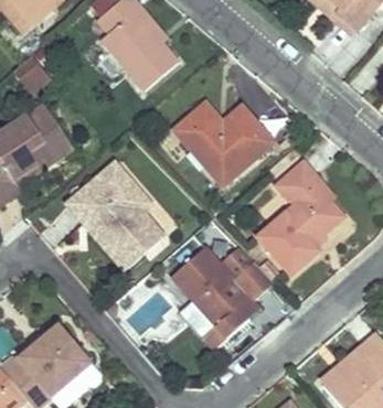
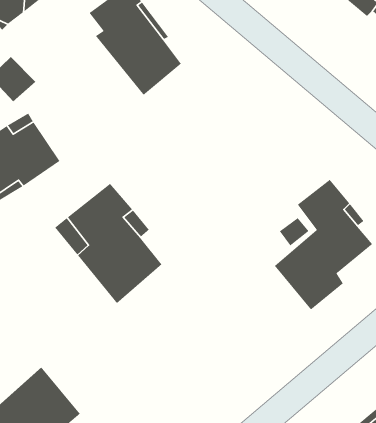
building: [174,103,273,185] -> none
building: [172,247,270,348] -> none

